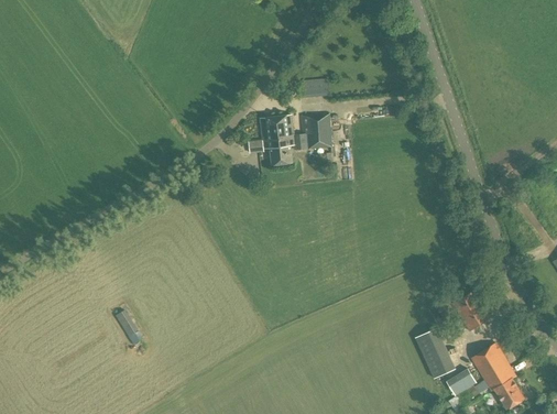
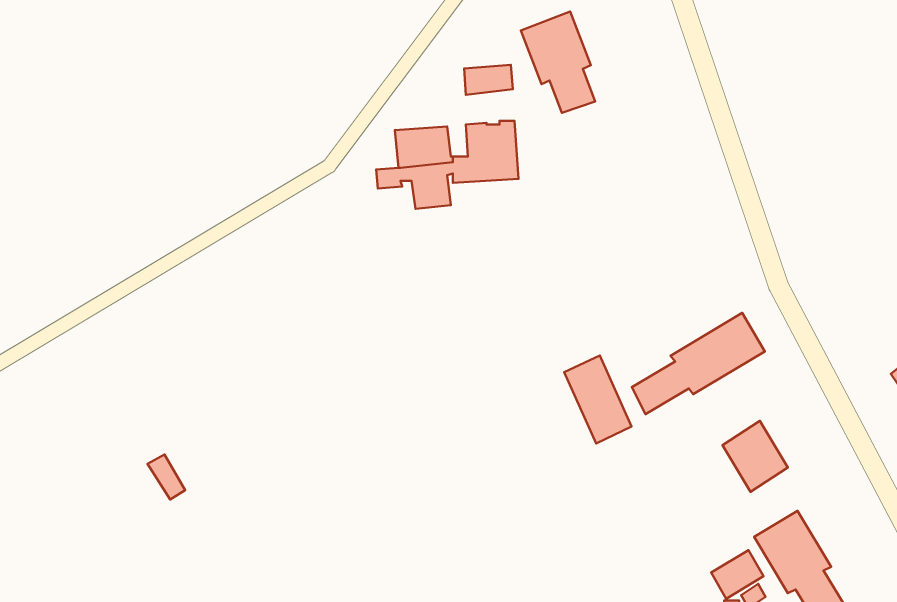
building: none -> [521,12,595,113]
building: none -> [632,313,765,414]
building: [415,325,455,377] -> [564,355,632,443]

